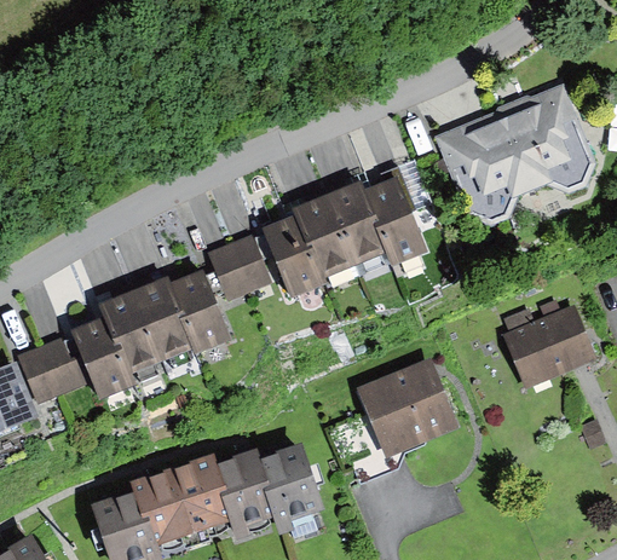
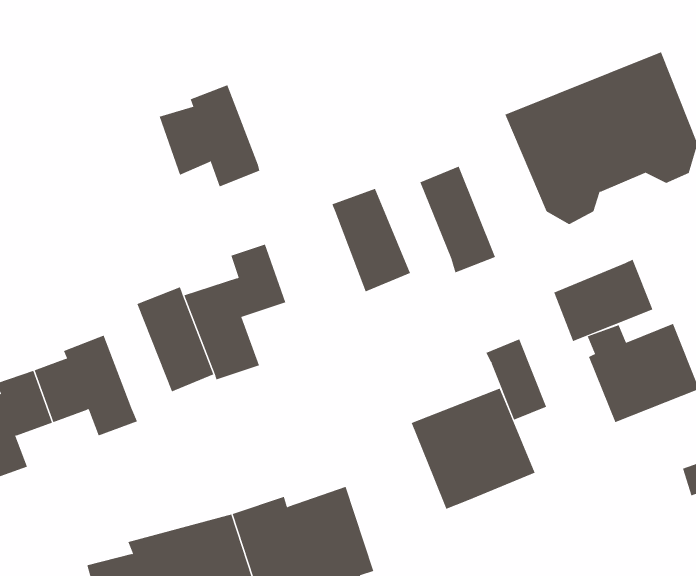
building: [328,180,390,264] -> none
building: [237,213,321,298] -> [159,84,260,187]
building: none -> [553,259,653,342]
building: [99,289,160,375] -> none
building: none -> [486,339,547,420]

